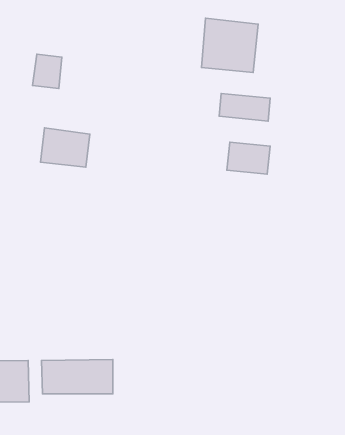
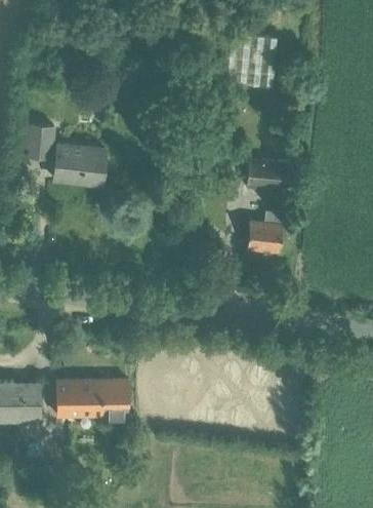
building: [33,54,62,89] -> [26,124,55,159]
building: [219,93,270,121] -> none
building: none -> [248,209,294,252]

